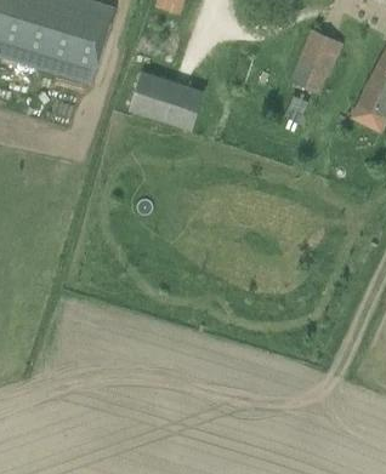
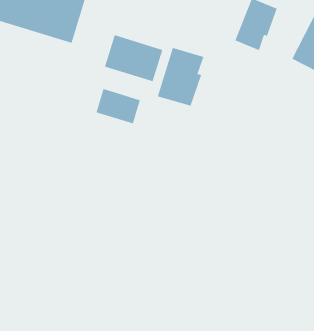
building: none -> [157,47,204,106]
building: none -> [96,88,141,124]

